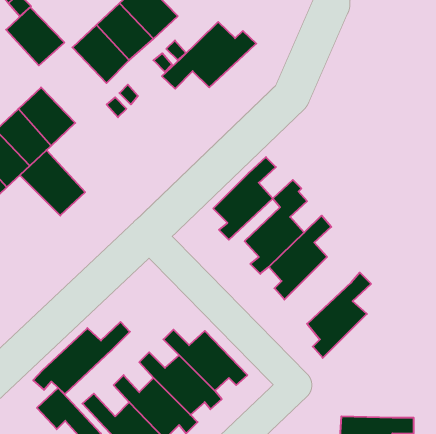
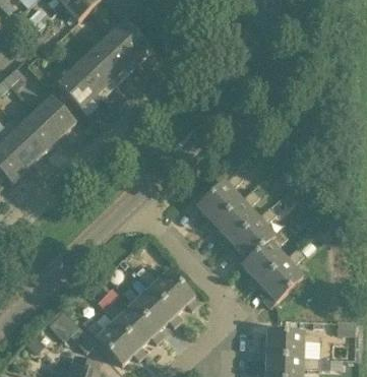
building: [6,7,64,65] -> [58,67,100,109]
building: [162,22,256,89] -> none
building: [20,150,85,216] -> none
building: [213,157,276,240] -> [232,205,277,264]
building: none -> [260,246,305,306]
building: [33,322,130,394] -> none

